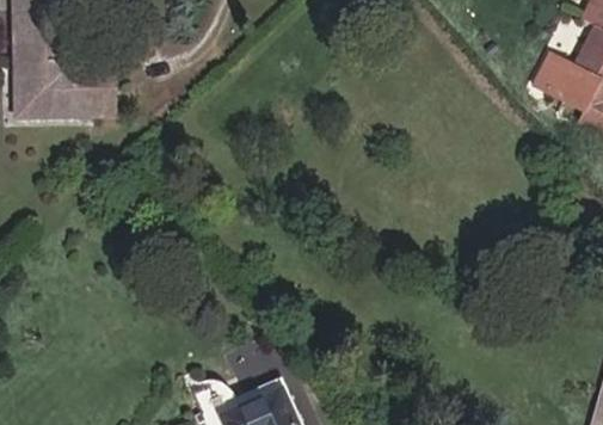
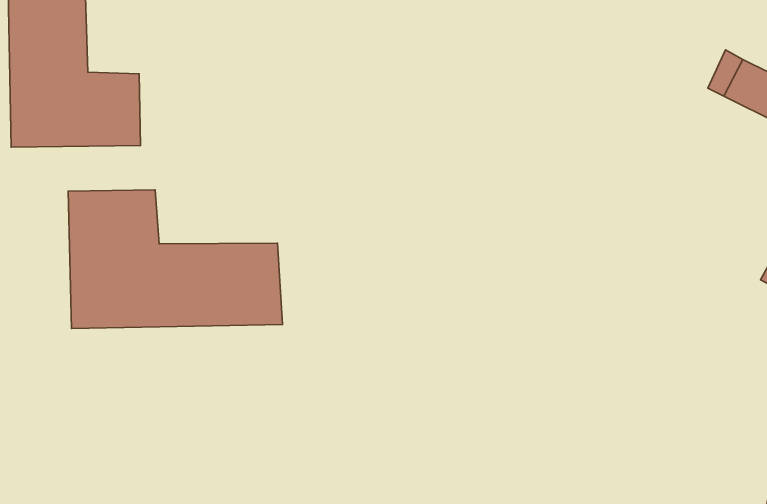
building: none -> [68,190,283,328]

